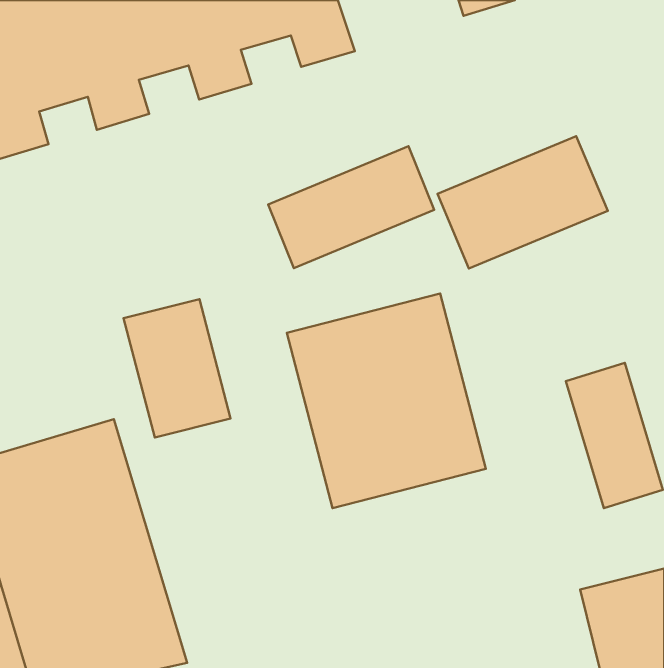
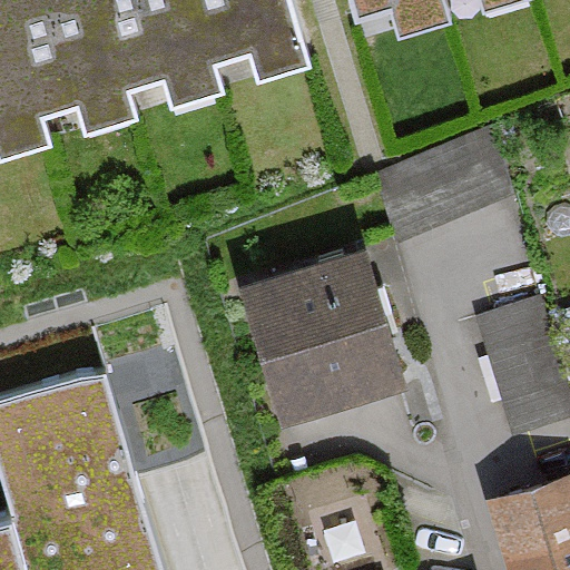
building: [268,146,434,268] -> none
building: [124,299,231,438] -> none

